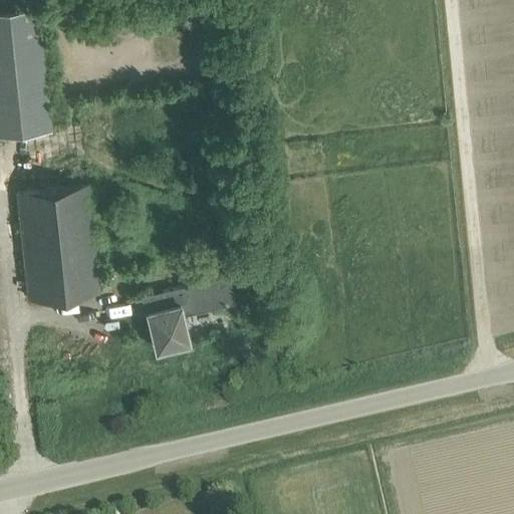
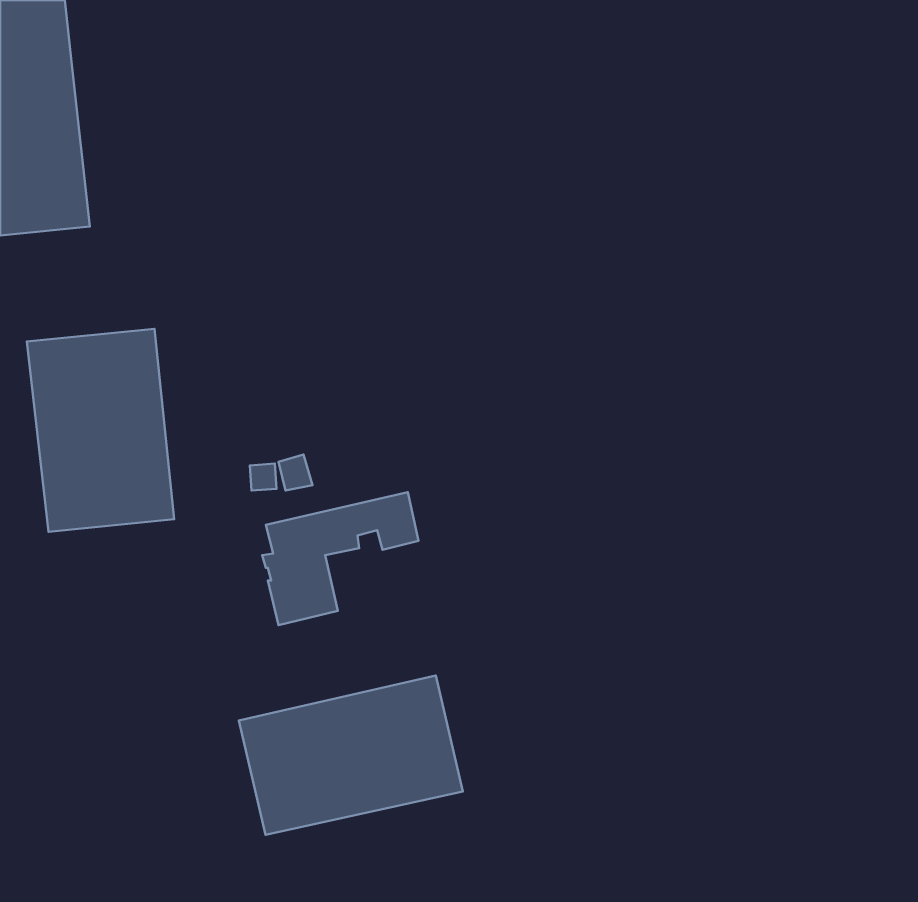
building: none -> [239,676,463,835]

